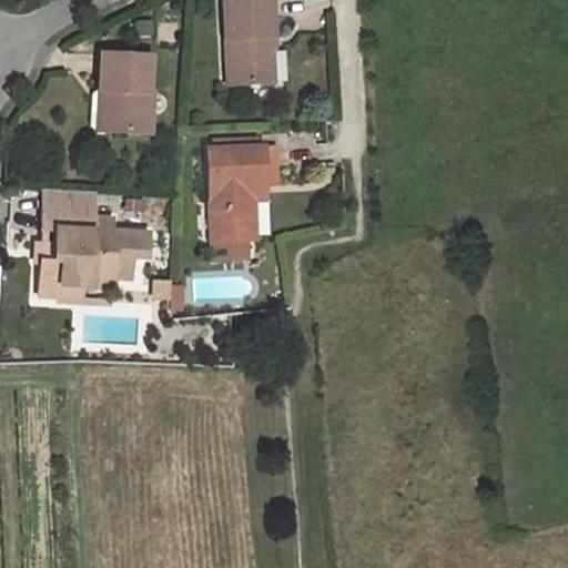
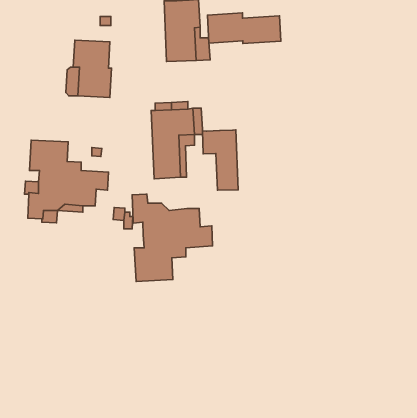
building: none -> [207,13,281,43]
building: none -> [203,130,238,190]
building: none -> [132,194,213,281]

